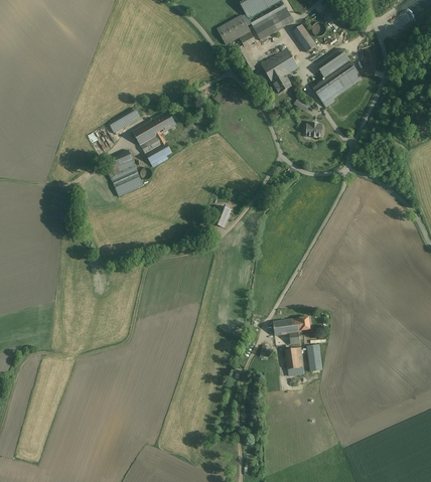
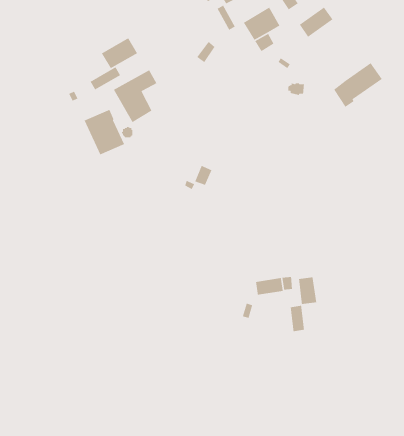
building: [313,61,363,107] -> [333,62,383,108]
building: none -> [101,37,138,69]
building: [285,347,304,375] -> [298,276,317,305]

